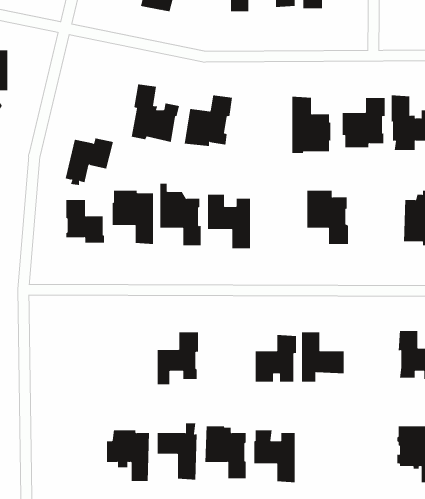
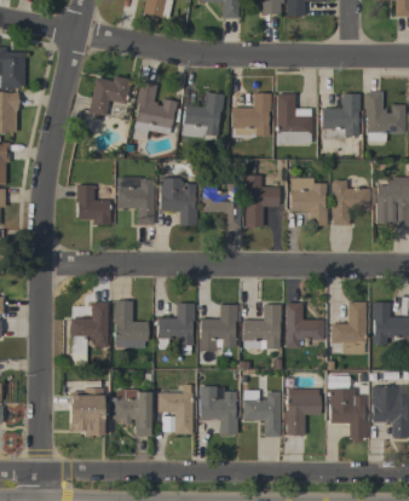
building: none -> [232,93,271,137]
building: [65,138,114,185] -> [88,76,132,119]
building: none -> [246,174,280,228]
building: none -> [333,180,370,225]
building: none -> [115,300,148,341]
building: none -> [71,301,109,367]
building: none -> [332,301,367,353]
building: none -> [198,304,238,363]
building: none -> [70,387,104,437]
building: none -> [283,388,321,434]
building: none -> [328,388,368,438]

